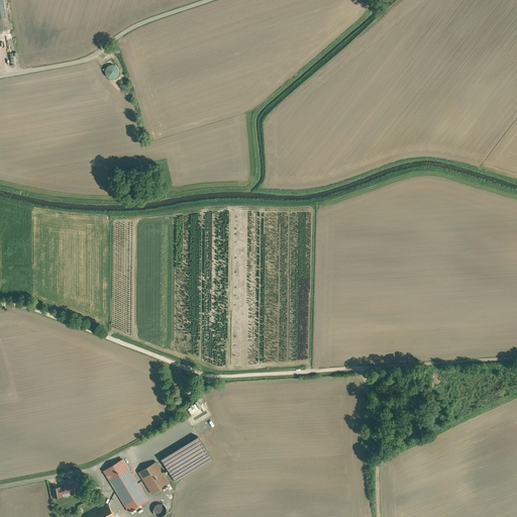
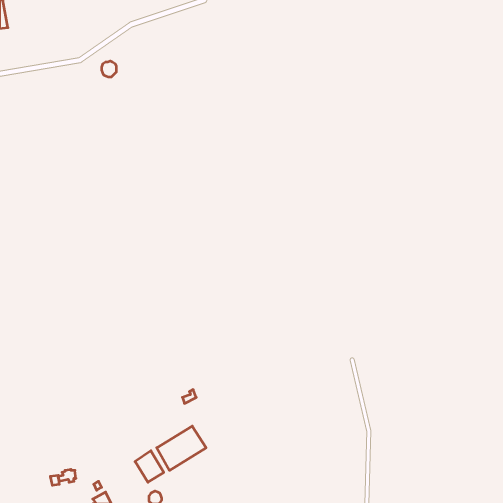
building: [103,460,146,512] -> none

